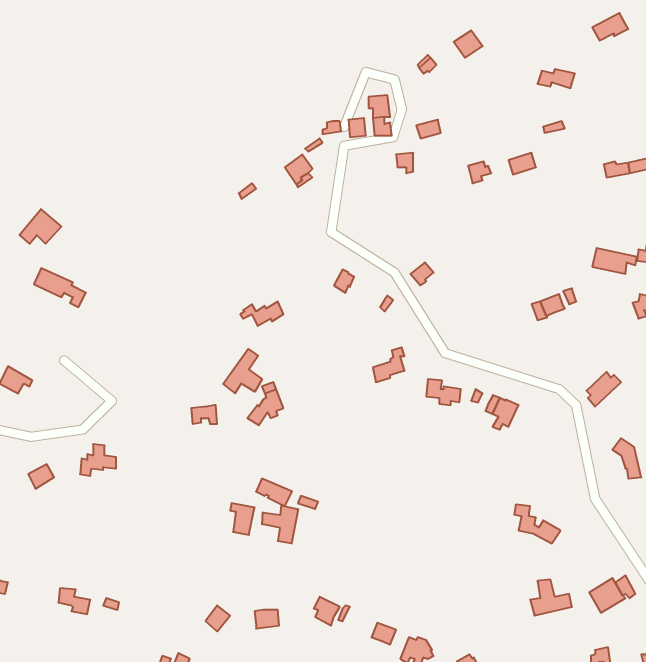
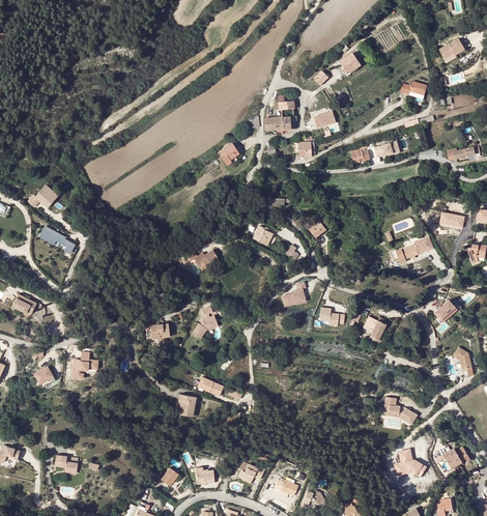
building: [223,349,262,393] -> none
building: [262,505,298,544] -> none

